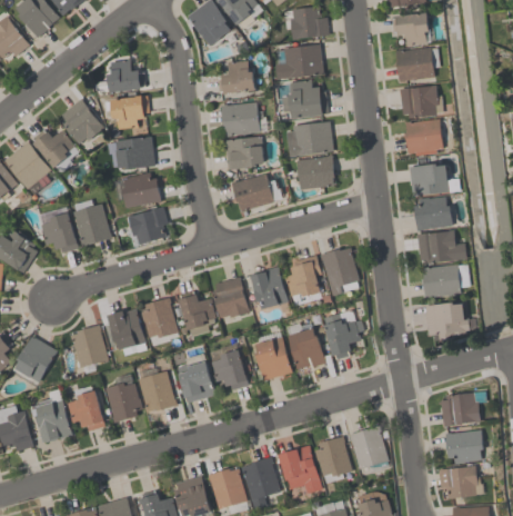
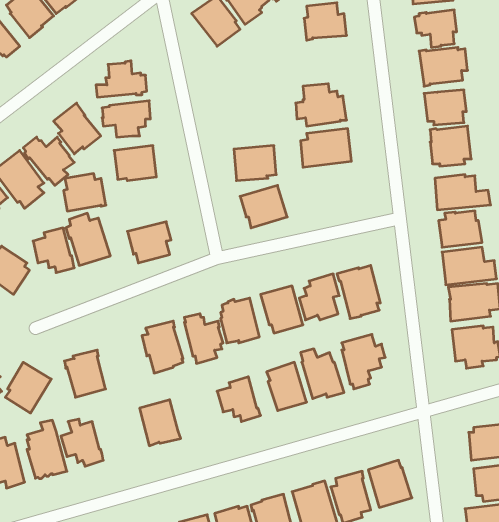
building: [275,43,323,80] -> none
building: [218,60,255,93] -> none
building: [221,102,260,136] -> none
building: [296,157,334,190] -> none
building: [122,173,161,208] -> [64,174,106,211]
building: [108,309,147,355] -> none
building: [177,353,215,404] -> none
building: [104,383,143,423] -> none

